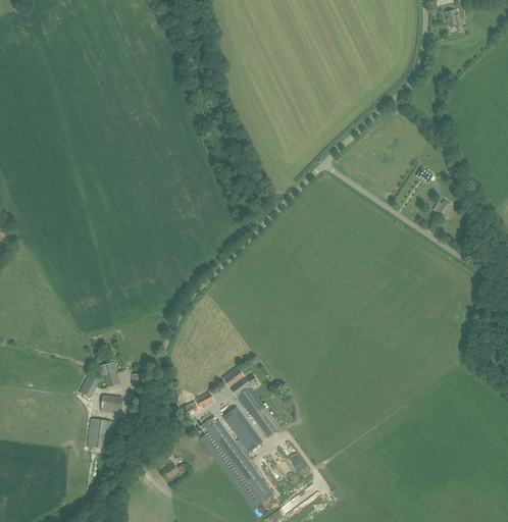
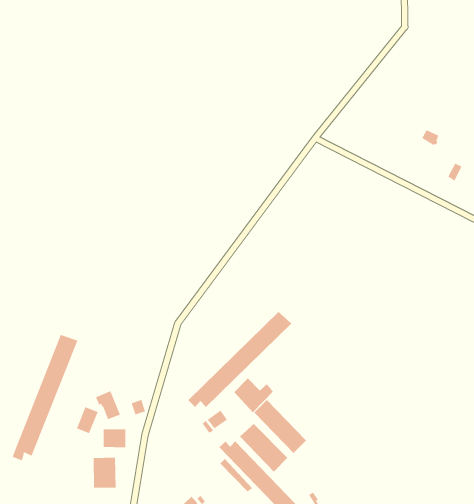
building: none -> [12,334,78,461]
building: none -> [187,311,292,408]

